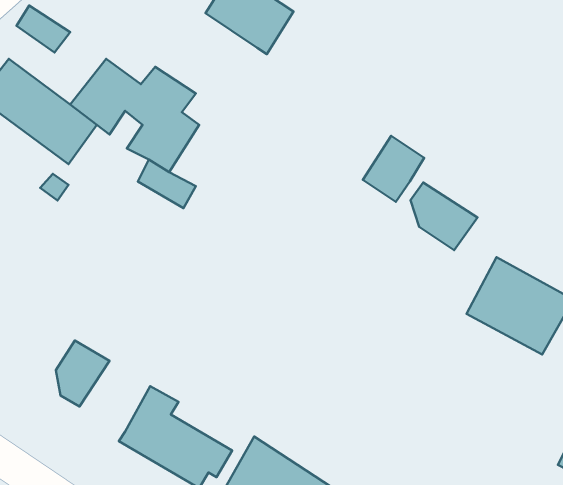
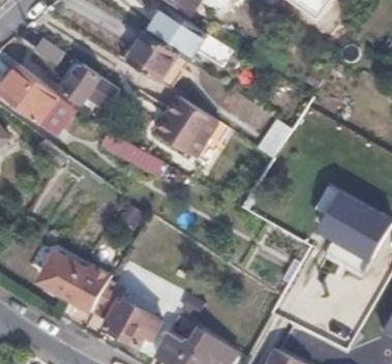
building: none -> [127,34,180,86]
building: none -> [163,98,221,160]
building: [410,182,478,250] -> none
building: none -> [63,262,115,309]

